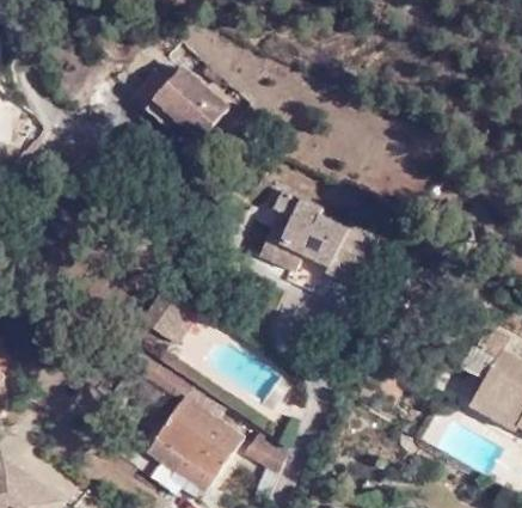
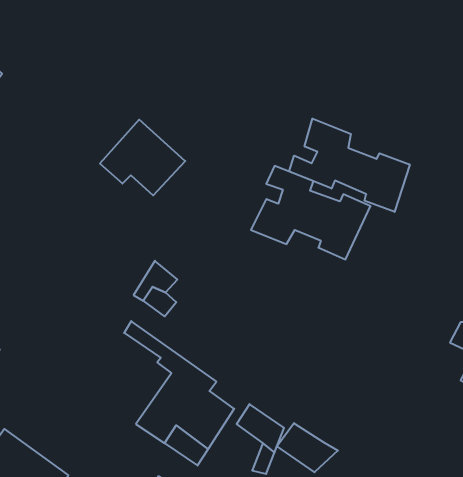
building: [151,76,237,153] -> [100,120,185,195]
building: none -> [289,119,410,212]
building: none -> [277,423,338,472]

